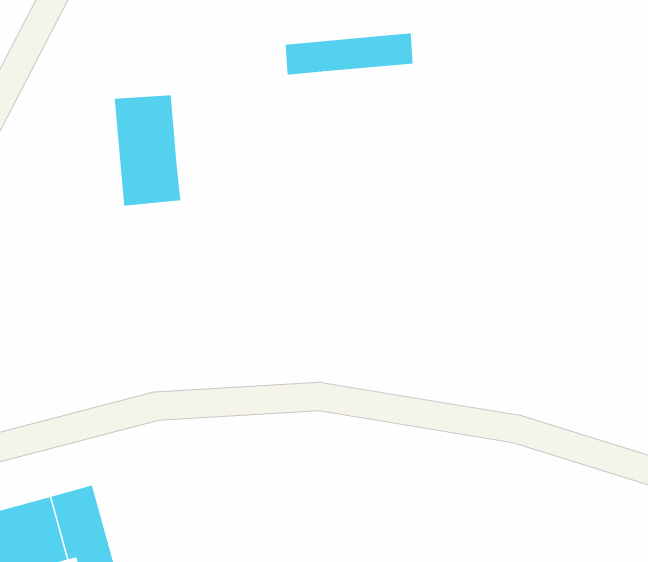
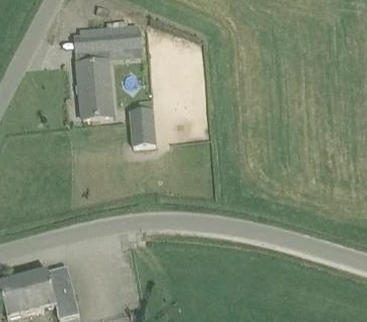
building: [285,33,414,75] -> [74,29,142,52]
building: none -> [129,107,154,146]

